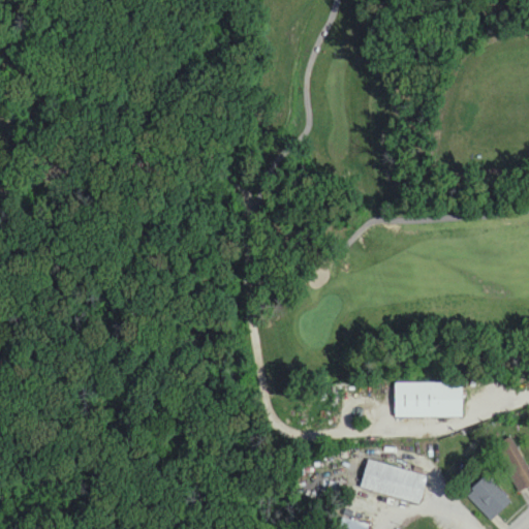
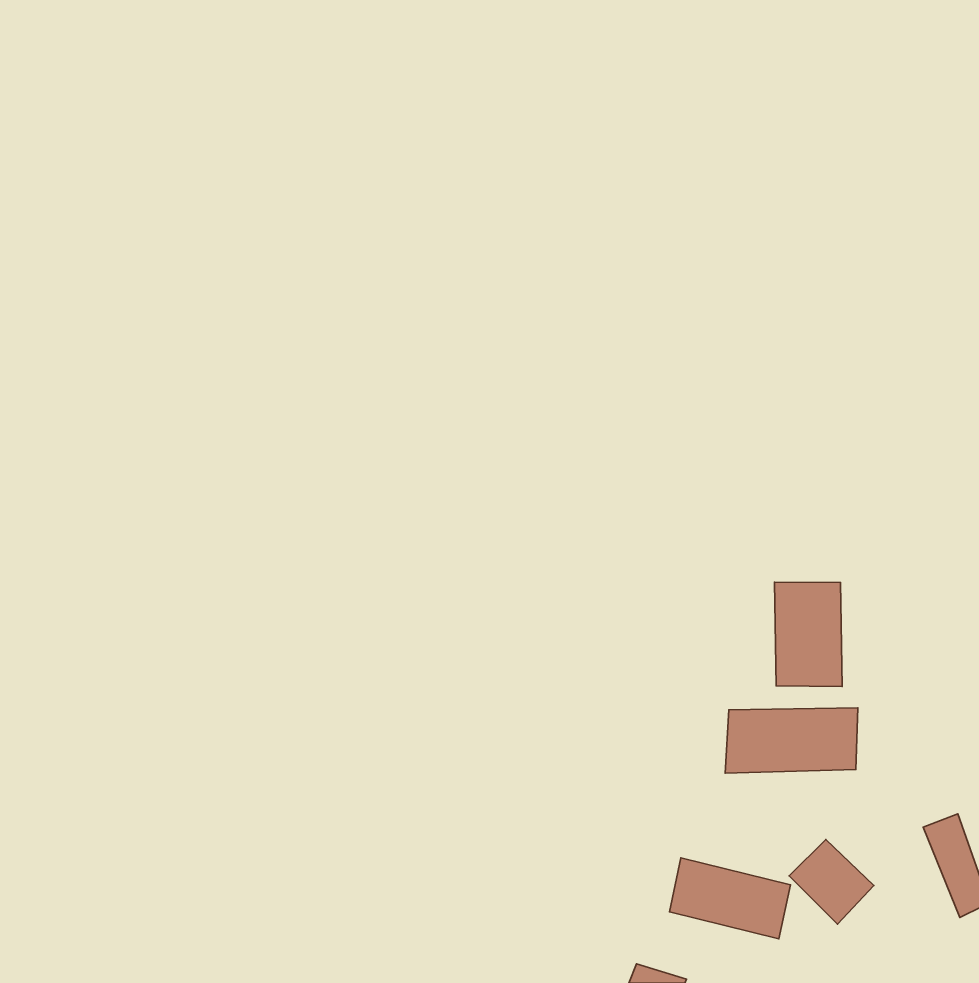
building: none -> [775,582,842,686]
building: [467,476,512,522] -> [789,839,874,924]

